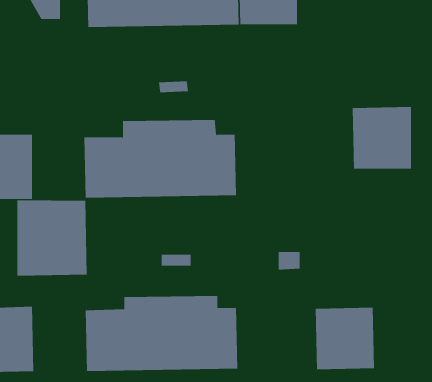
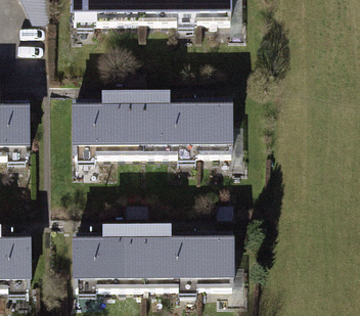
building: [352,107,412,169] -> [185,103,231,151]
building: [17,200,87,277] -> none
building: [315,307,375,370] -> [186,236,232,284]

